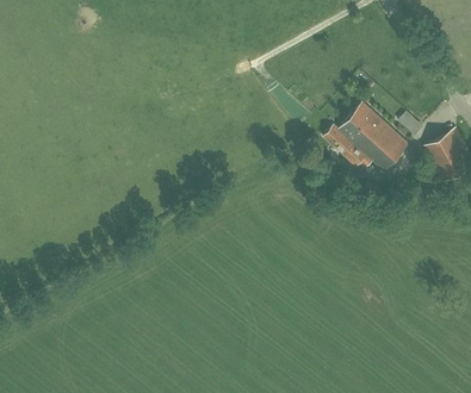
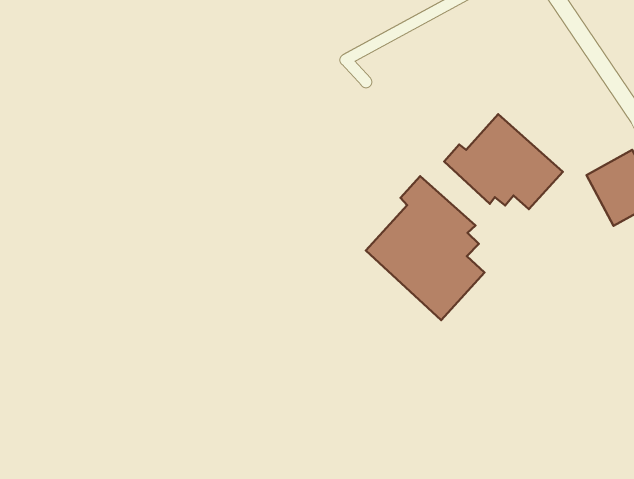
building: none -> [366,176,485,320]

